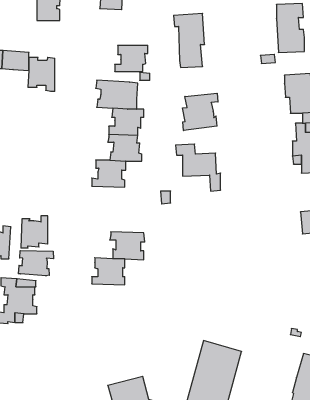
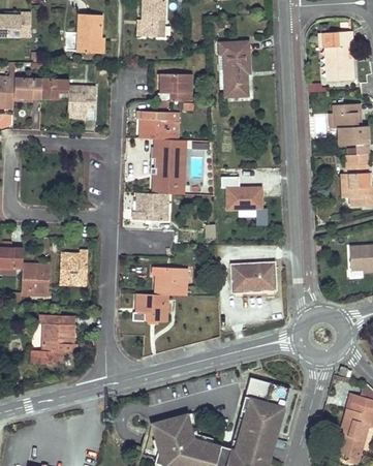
building: [183,93,218,131] -> none
building: none -> [231,262,275,291]
building: [18,251,54,276] -> none

